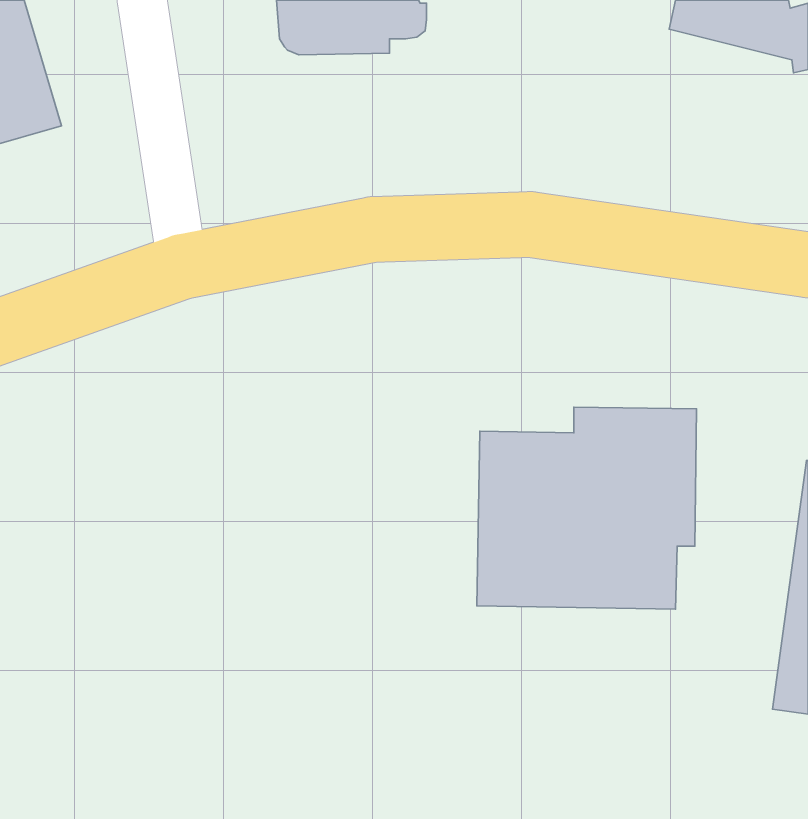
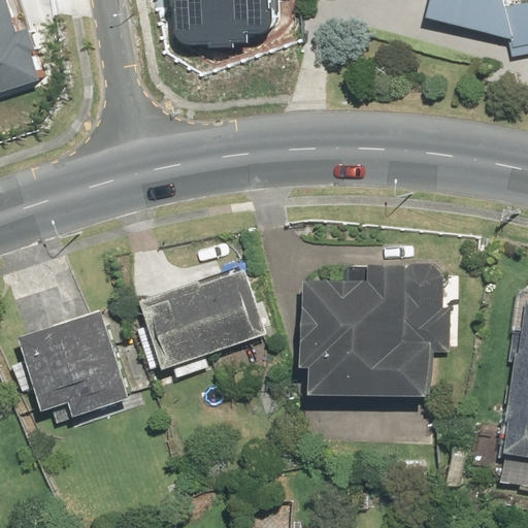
building: none -> [140,267,266,369]
building: none -> [19,310,129,417]

